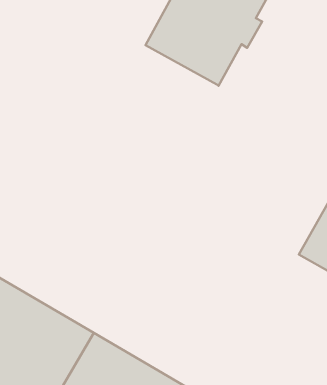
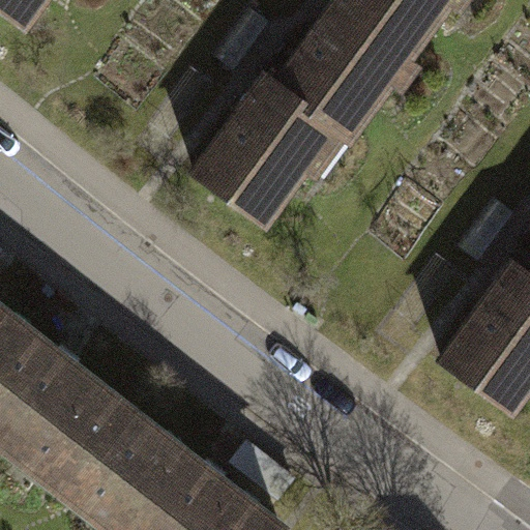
building: none -> [180,68,357,240]

